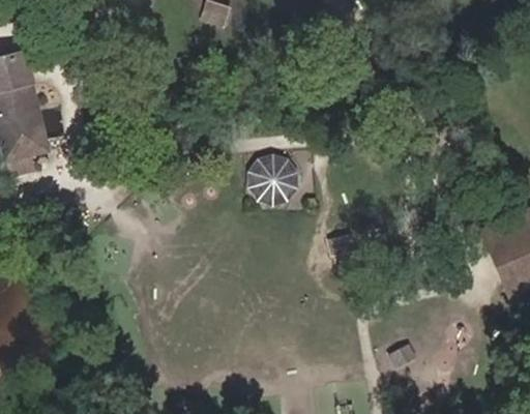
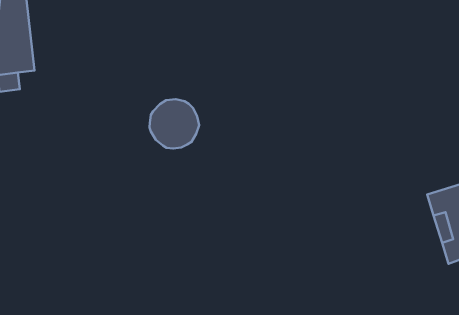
building: [246,153,299,206] -> [149,99,199,149]

